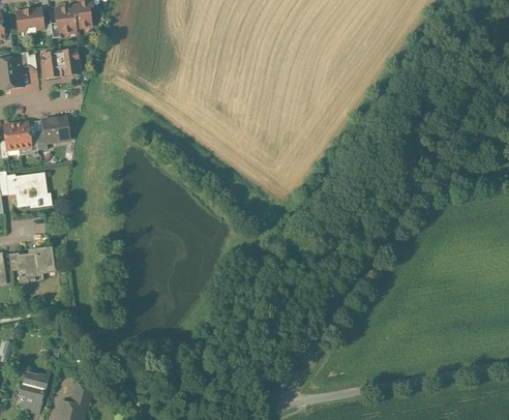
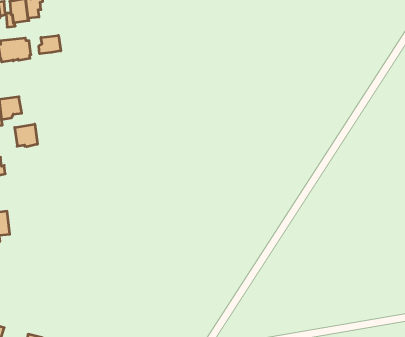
building: none -> [39,35,61,54]
building: none -> [15,124,37,147]

